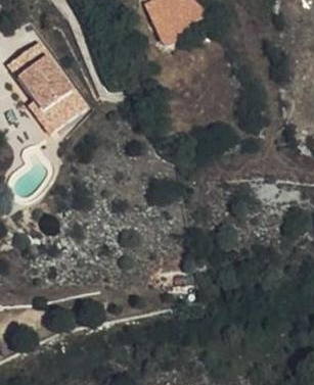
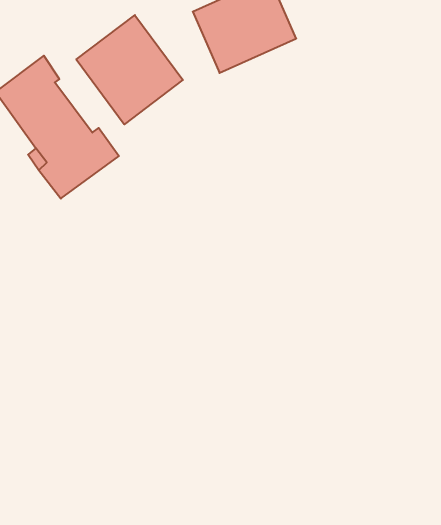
building: none -> [76,15,183,124]

